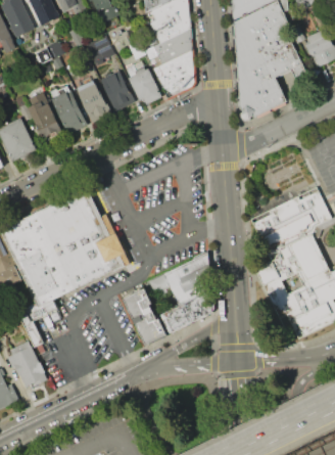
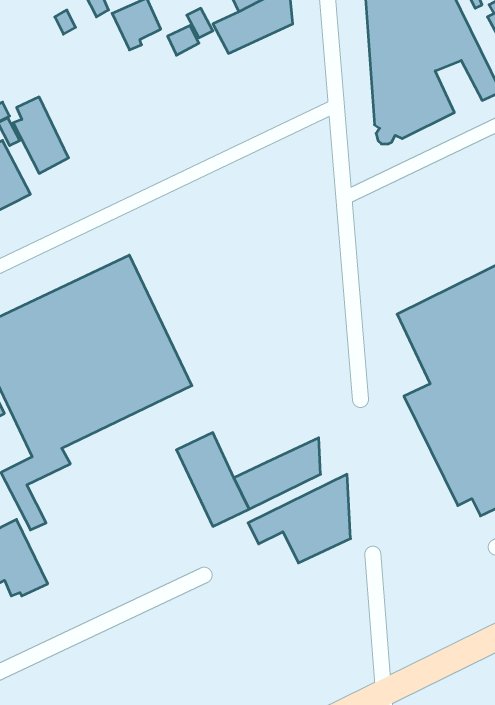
building: [153,49,195,98] -> none
building: [129,65,162,104] -> none
building: [99,69,133,109] -> none
building: [75,79,110,122] -> none
building: [50,89,87,134] -> none
building: [146,255,206,307] -> [248,474,351,563]

